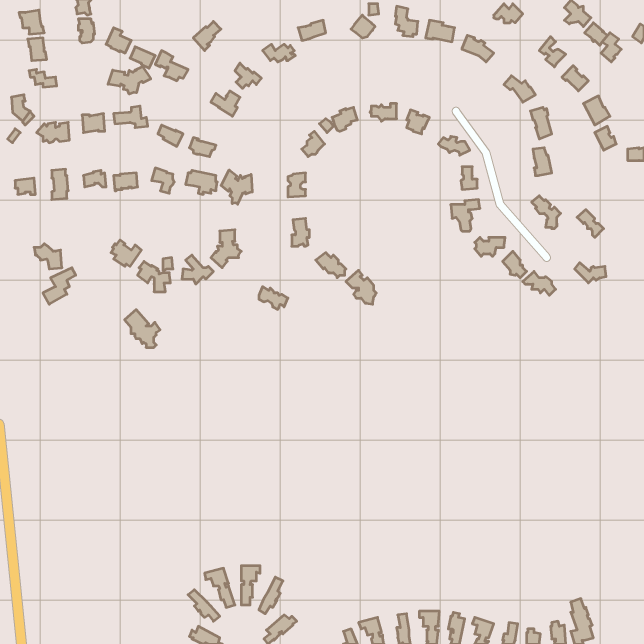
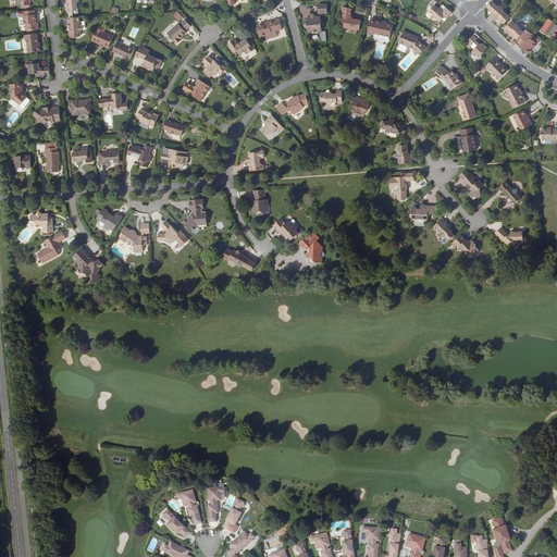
building: [108,66,151,94] -> none
building: [221,170,252,204] -> none
building: [125,310,160,347] -> [72,247,102,280]

